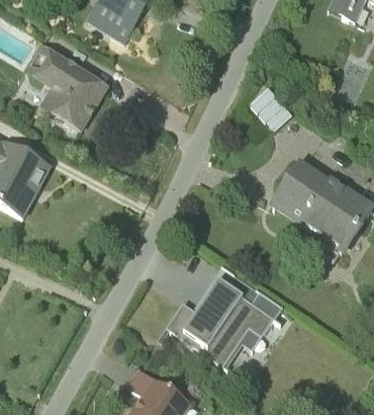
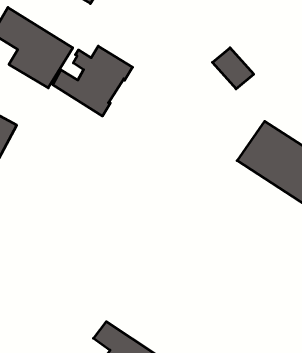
building: none -> [53,46,133,116]
building: [157,279,281,369] -> none

